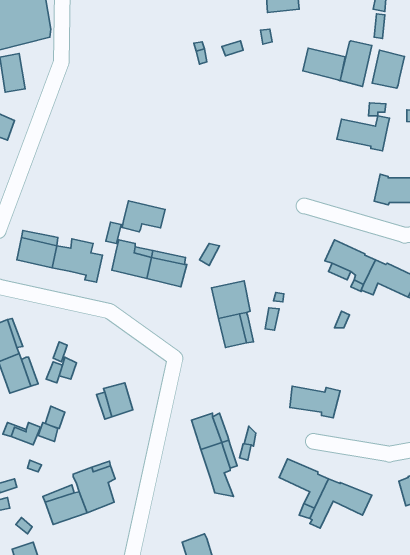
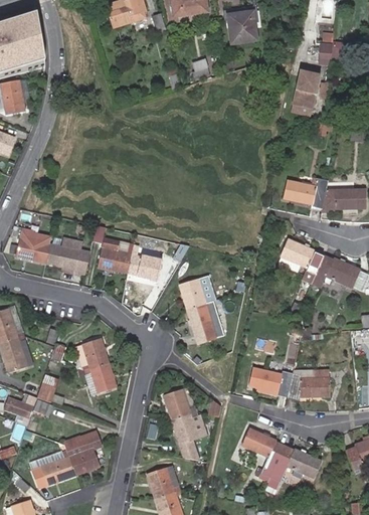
building: [303,48,345,81] -> none
building: [372,50,404,88] -> none
building: [337,116,389,151] -> [283,176,328,206]
building: [122,201,165,232] -> none
building: none -> [75,337,108,369]
building: none -> [287,369,330,394]
building: none -> [148,467,176,499]

